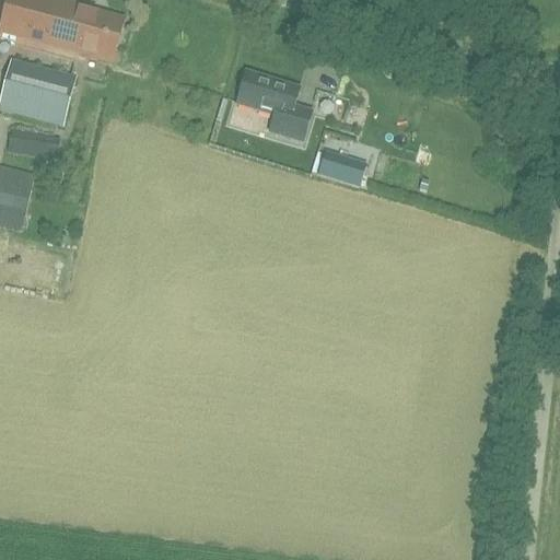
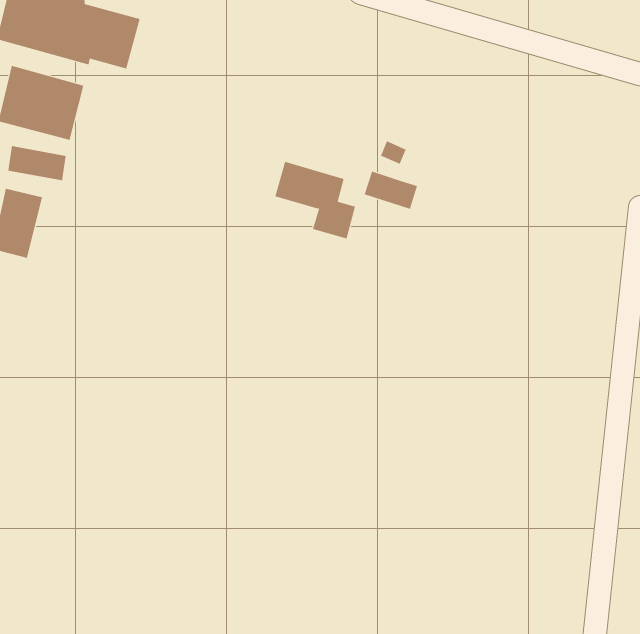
building: [236,70,307,138] -> [274,161,356,239]

